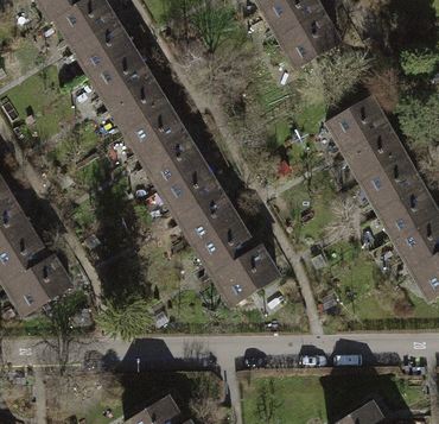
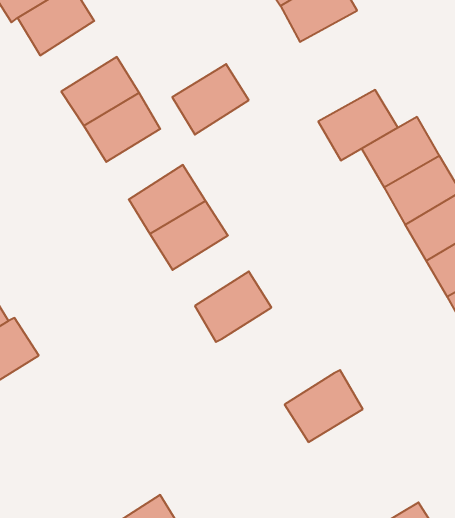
building: [279,13,342,69] -> [318,90,398,160]
building: [74,21,134,77] -> none
building: [126,107,186,163] -> [172,64,249,135]
building: [178,191,238,247] -> none
building: [217,246,279,303] -> [285,370,363,442]

